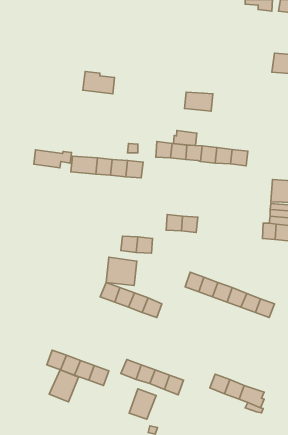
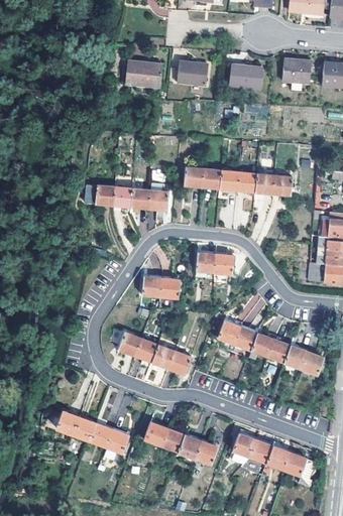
building: none -> [282,59,311,83]
building: none -> [177,62,208,86]
building: [83,71,114,94] -> [124,61,161,88]
building: [184,92,213,111] -> [229,67,262,89]
building: [173,130,197,146] -> none
building: [34,150,71,168] -> none
building: none -> [238,293,267,325]
building: [106,257,137,286] -> none
building: none -> [231,434,254,466]
building: [49,370,79,402] -> none
building: [129,389,156,419] -> none

